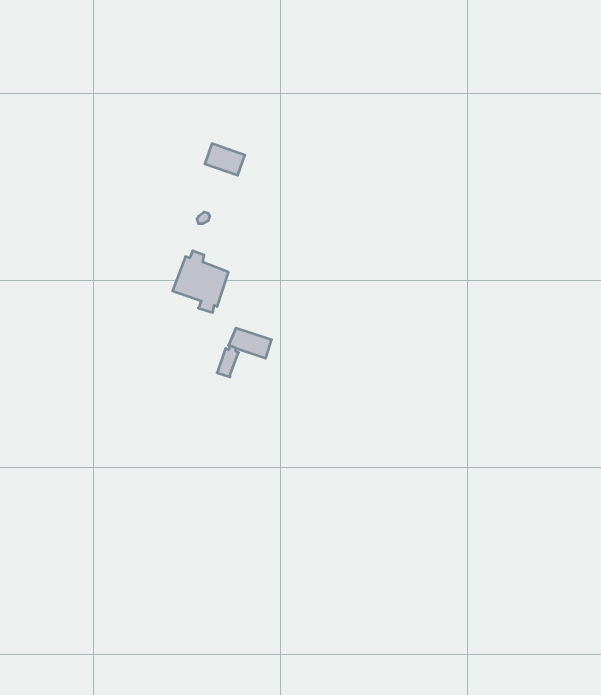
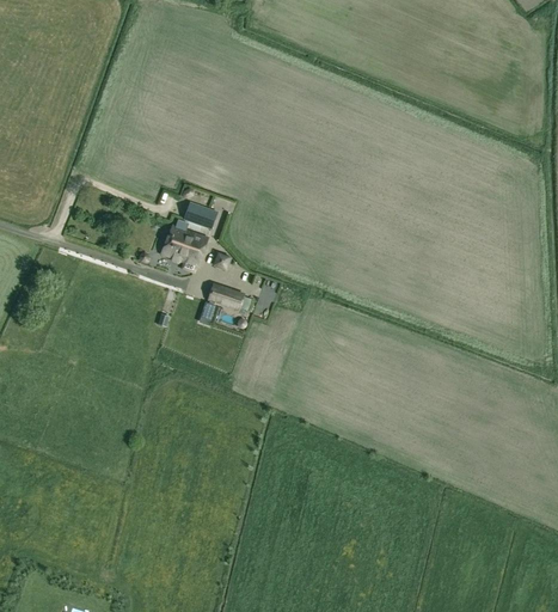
building: [205,144,245,175] -> [184,201,217,227]

